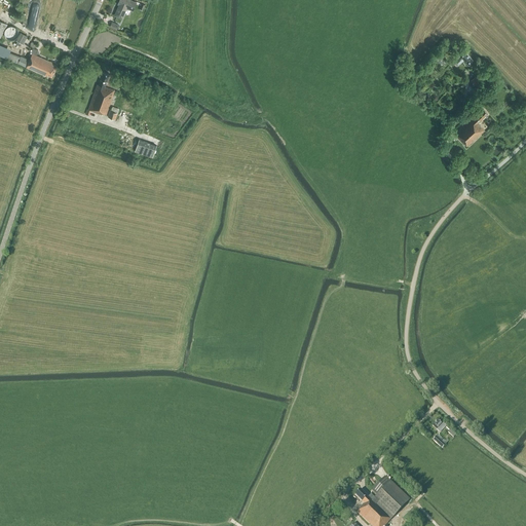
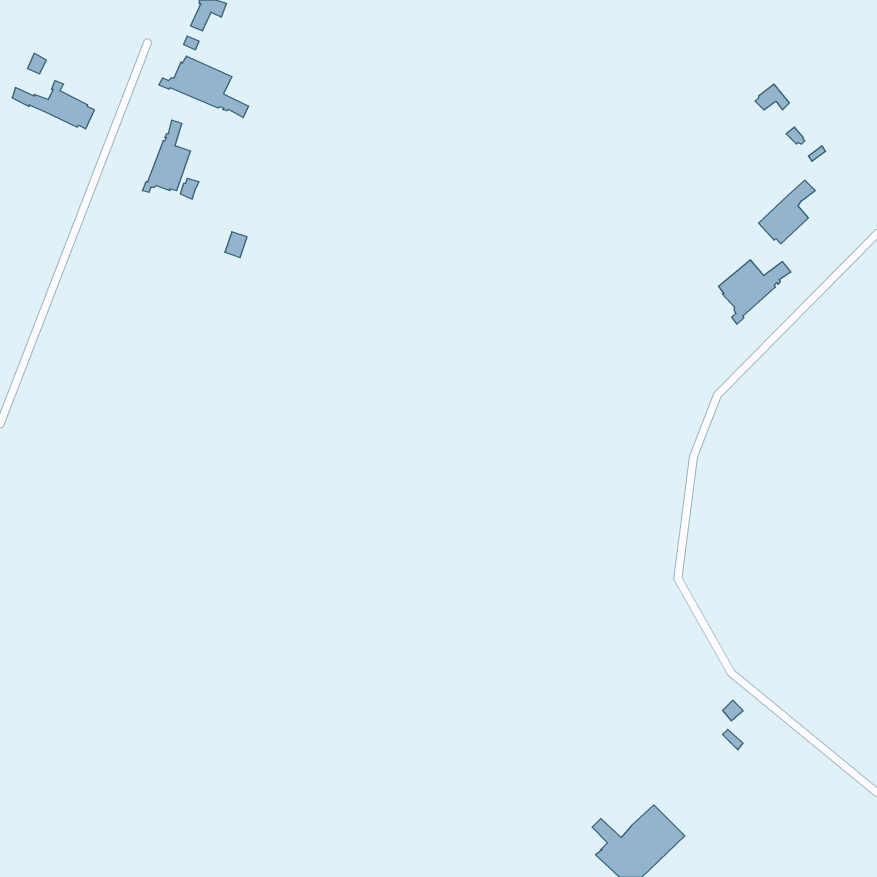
building: none -> [159,56,248,118]
building: none -> [719,260,791,324]

